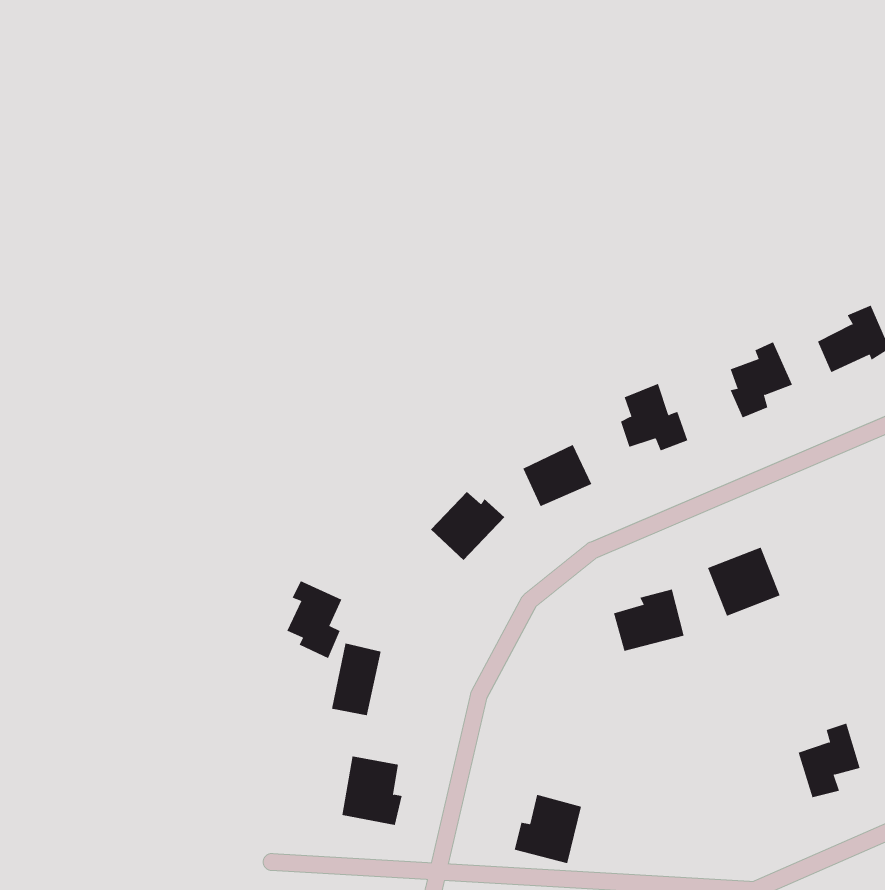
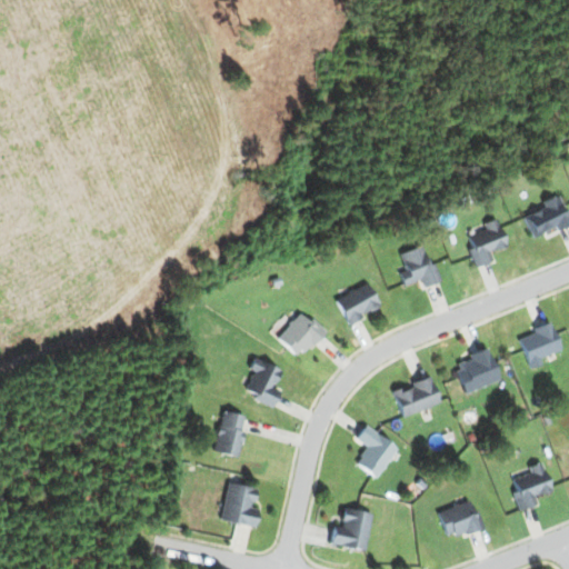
building: none -> [520,321,562,368]
building: [287,580,342,659] -> [247,358,282,408]
building: none -> [356,425,399,478]
building: none -> [439,501,486,538]

